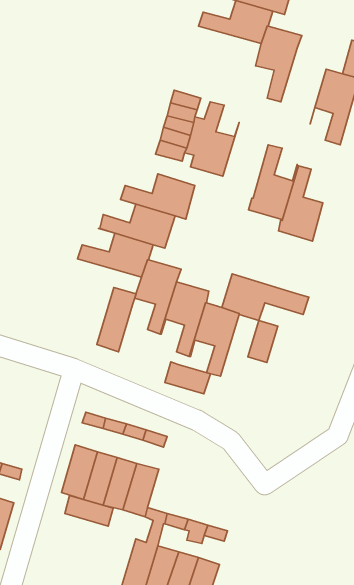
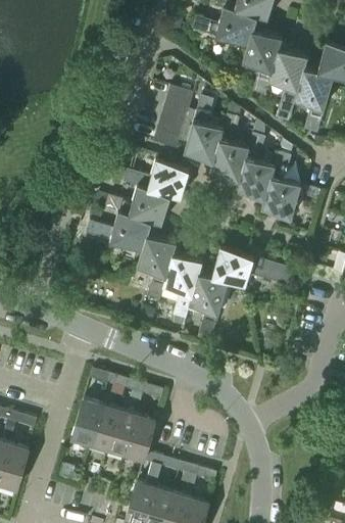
building: none -> [263,50,306,116]
building: none -> [209,115,252,182]
building: [97,287,136,352] -> none
building: [248,320,278,362] -> none
building: [165,362,211,394] -> none
building: [65,495,113,526] -> none

